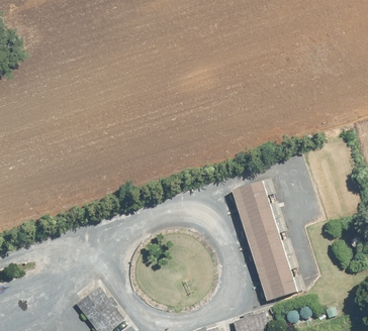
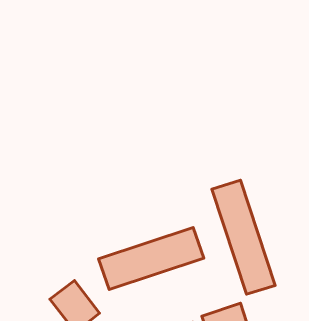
building: none -> [99,228,204,289]

